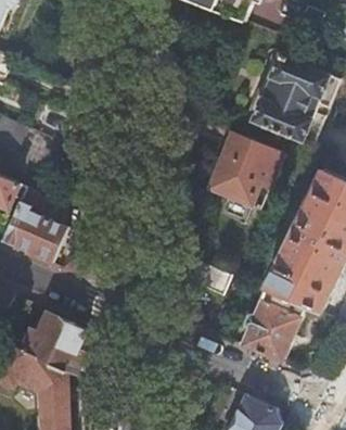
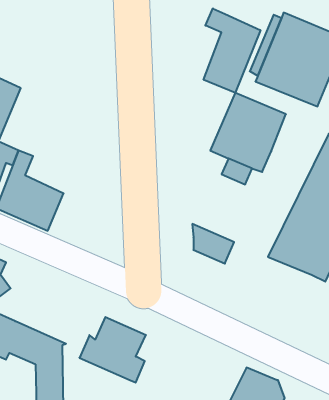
building: none -> [204,8,260,93]
building: [240,289,307,364] -> none
building: [22,312,86,375] -> [79,317,146,383]

